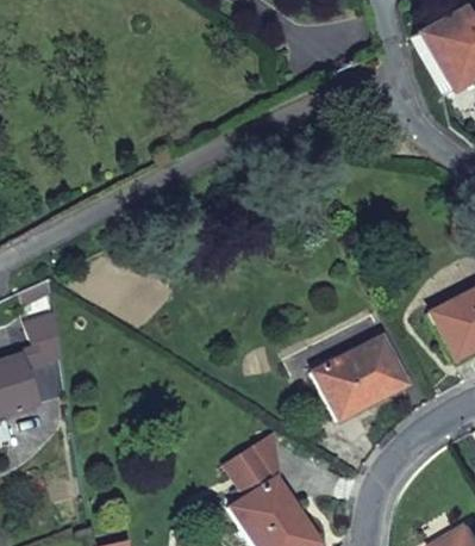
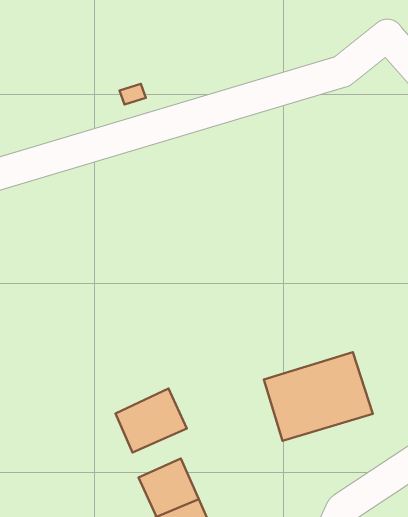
building: none -> [116,389,187,453]

